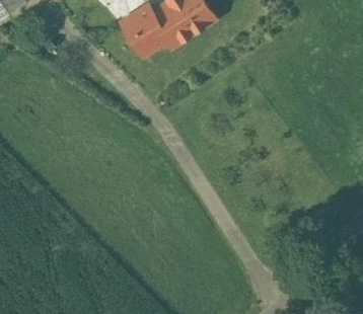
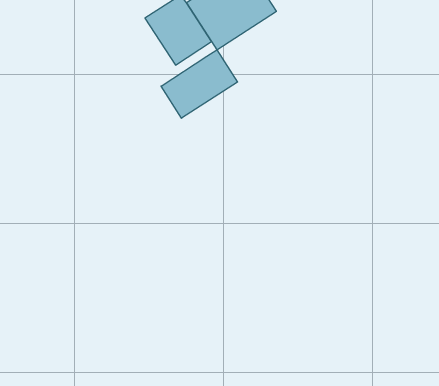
building: none -> [161,50,238,118]

